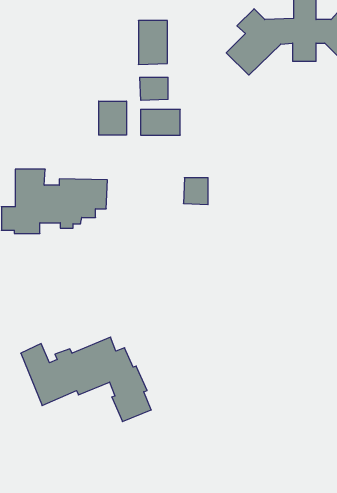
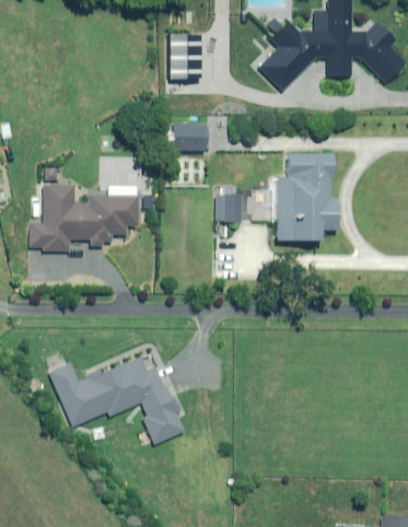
building: [140,77,168,100] -> none
building: [99,101,126,135] -> none
building: none -> [271,153,339,241]

